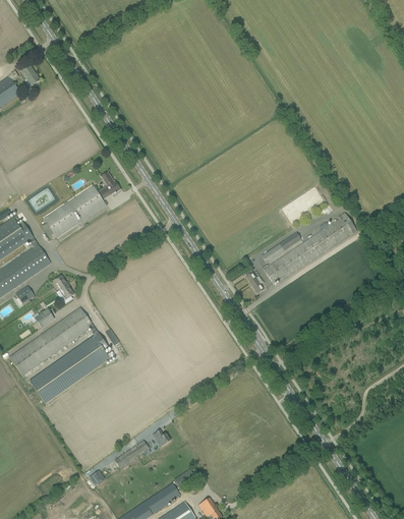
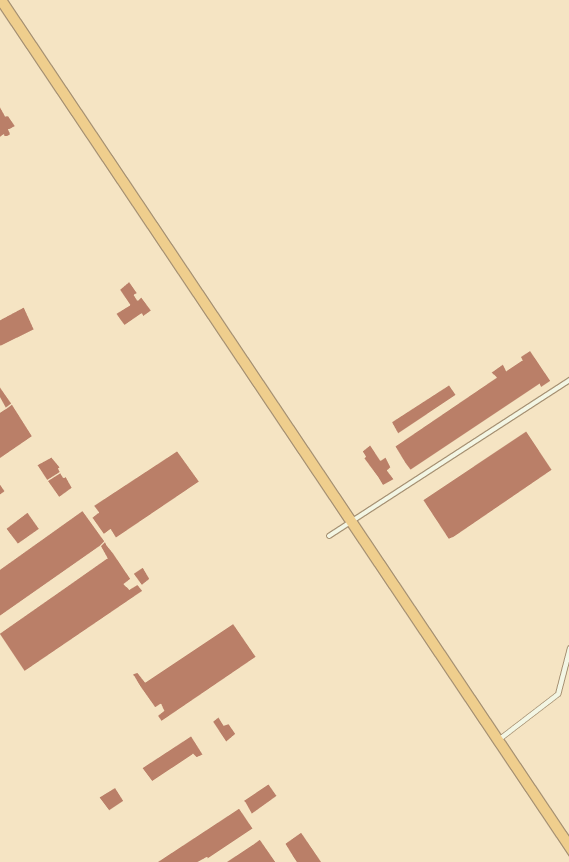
building: [42,185,106,237] -> [91,451,200,538]
building: none -> [422,431,552,539]
building: none -> [132,623,256,722]

